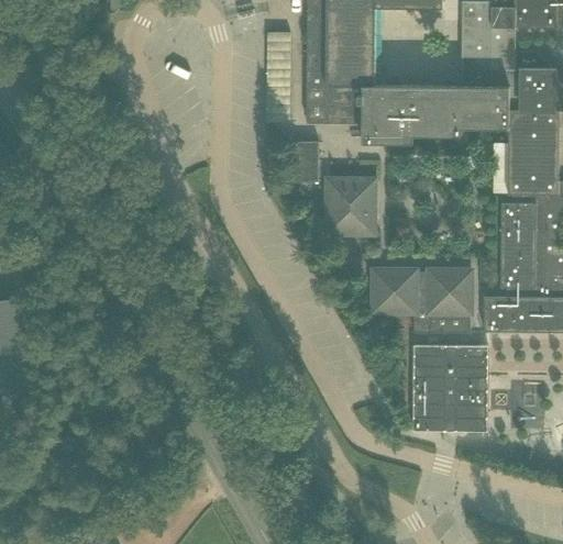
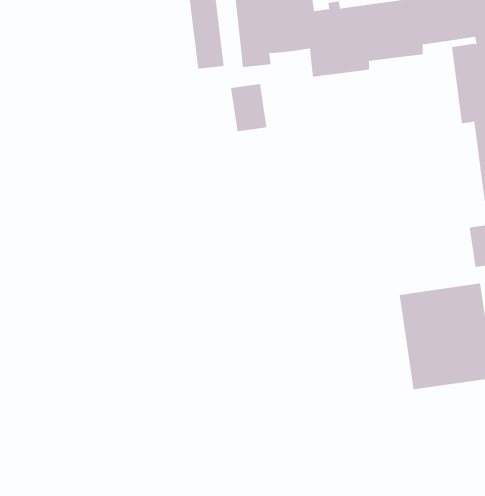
building: [323,175,379,236] -> none
building: [371,266,476,332] -> none

